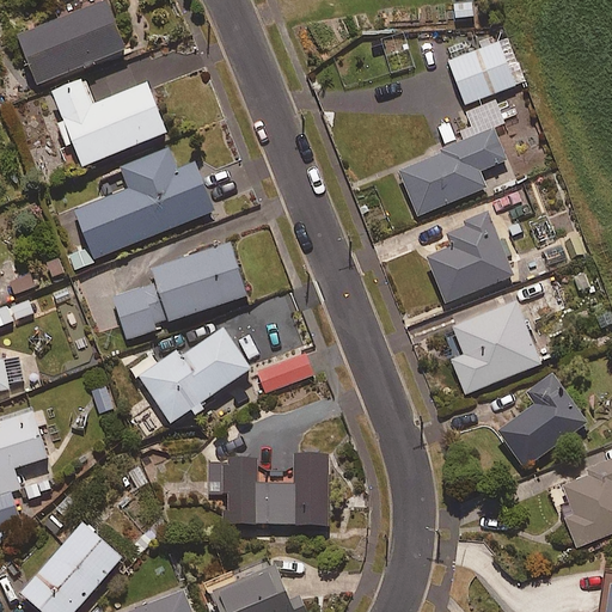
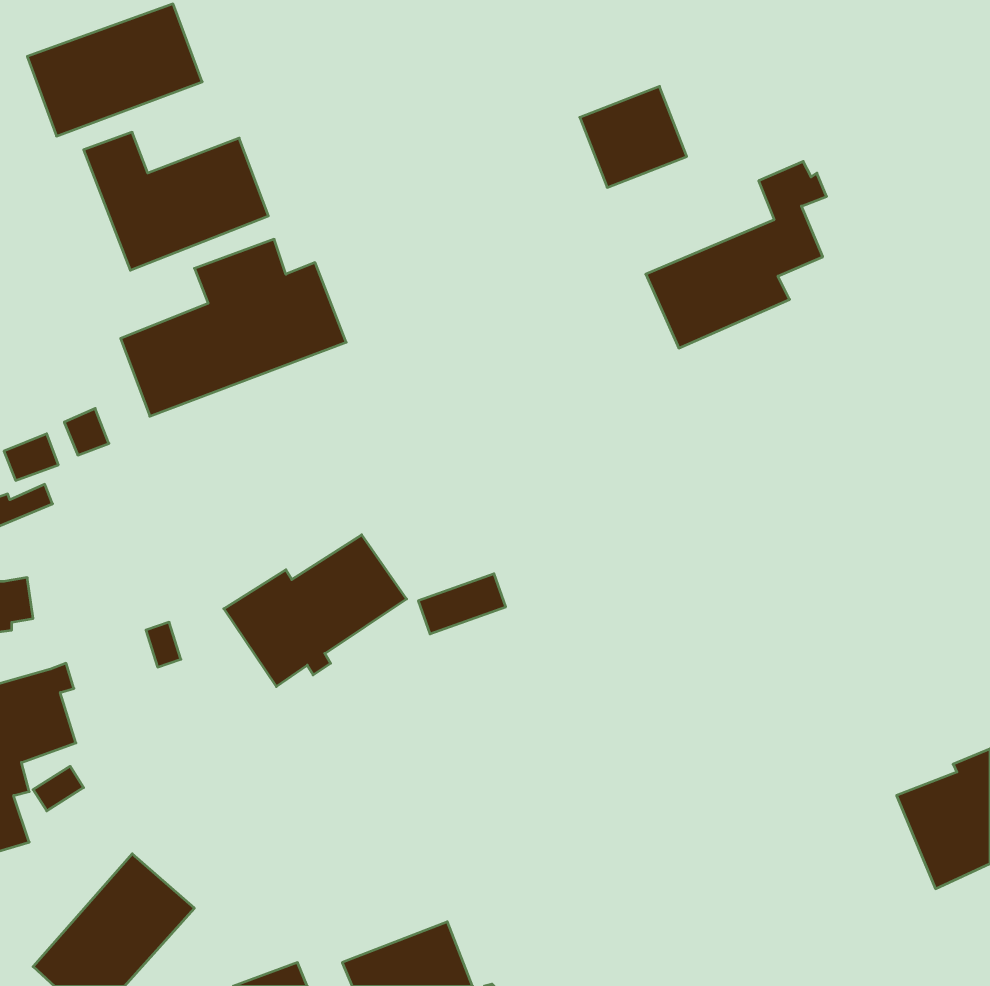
building: [447,39,513,102] -> [580,86,687,187]
building: [427,215,512,301] -> none
building: [111,243,246,333] -> none
building: [451,301,540,392] -> none
building: [497,373,586,466] -> none
building: [207,459,329,526] -> none

